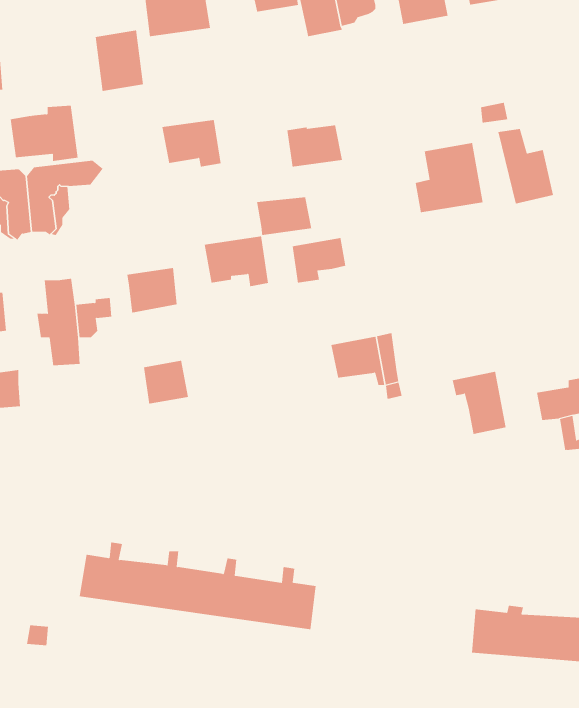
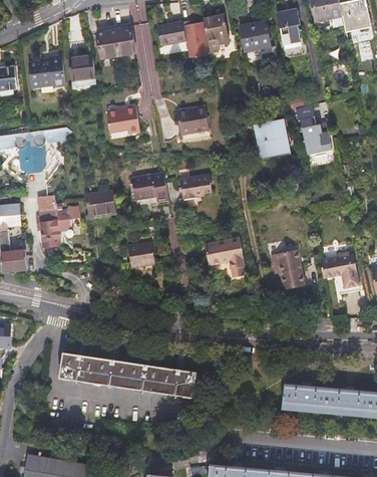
building: [10,105,78,161] -> [27,56,66,88]
building: [257,197,312,236] -> none
building: [143,360,189,404] -> [129,243,155,268]

